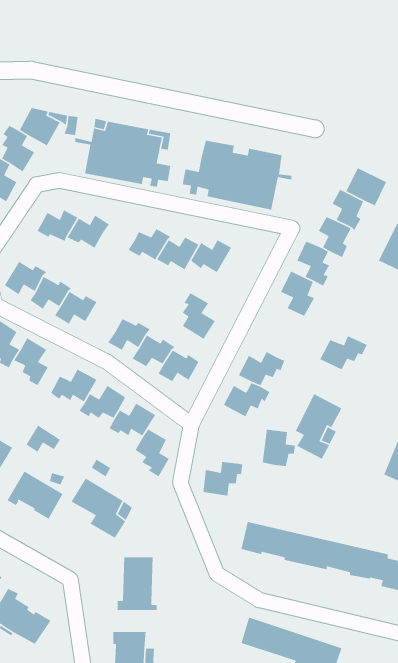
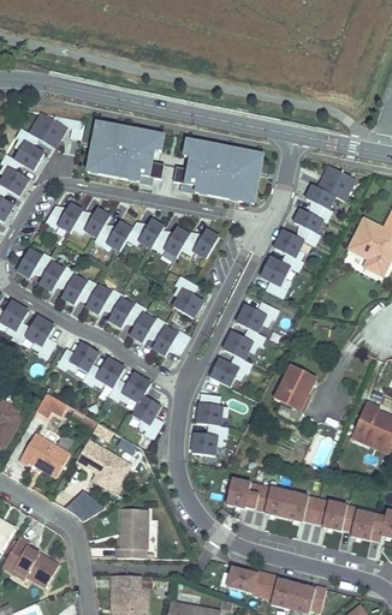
building: none -> [94,220,131,250]
building: none -> [85,283,123,314]
building: [319,335,368,370] -> [236,300,279,332]
building: [262,429,296,467] -> [197,392,227,425]
building: none -> [65,489,102,519]

